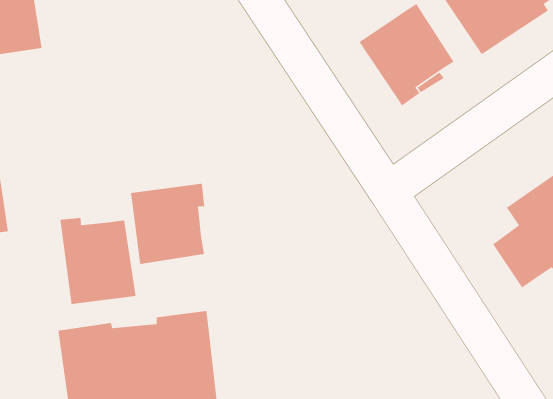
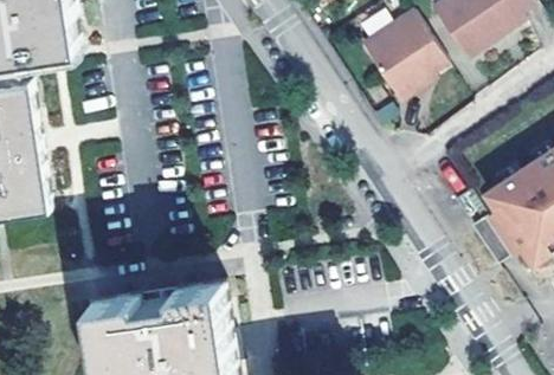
building: [130,183,205,265] -> none
building: [59,217,136,305] -> none

